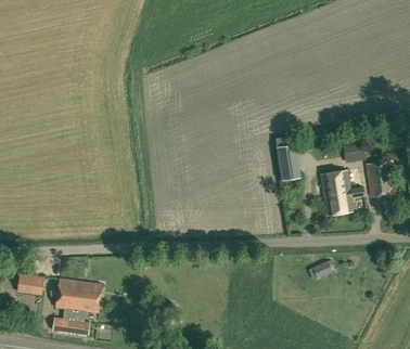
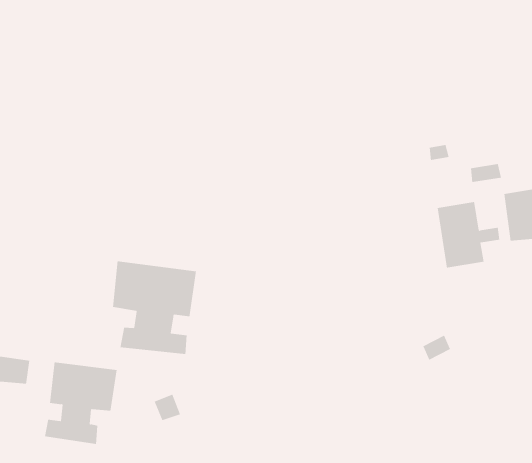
building: [274,134,299,180] -> none
building: none -> [113,261,197,355]

